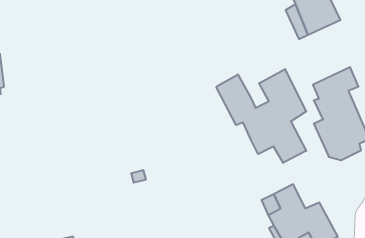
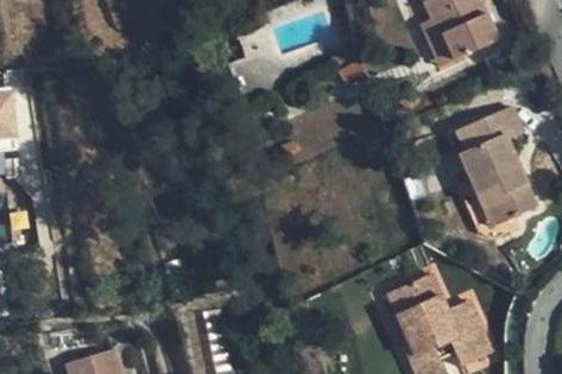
building: [216,69,306,163] -> none

